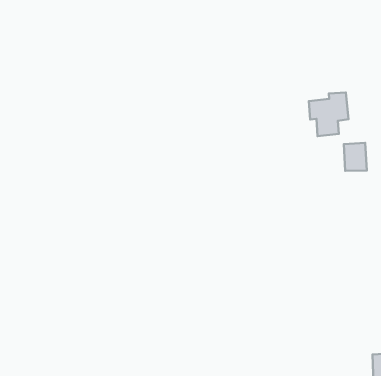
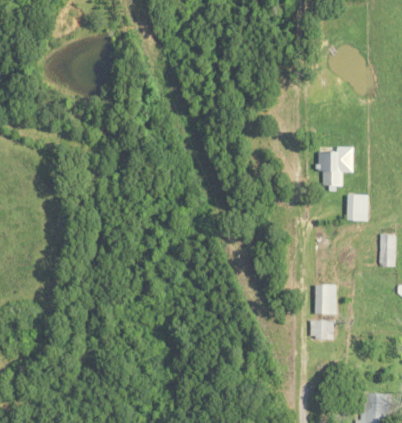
building: none -> [315,285,336,314]
building: none -> [310,320,333,339]

